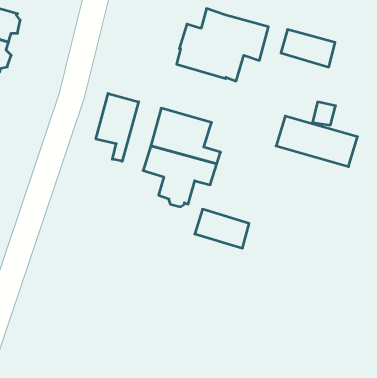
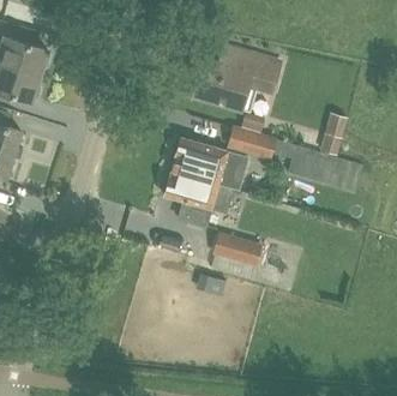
building: [281,30,335,67] -> [225,125,276,160]
building: [96,93,139,161] -> none

